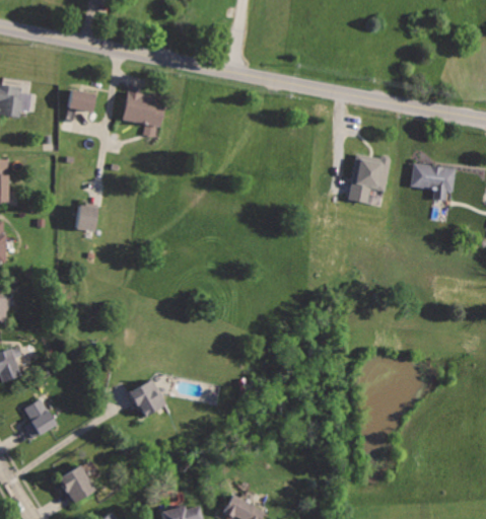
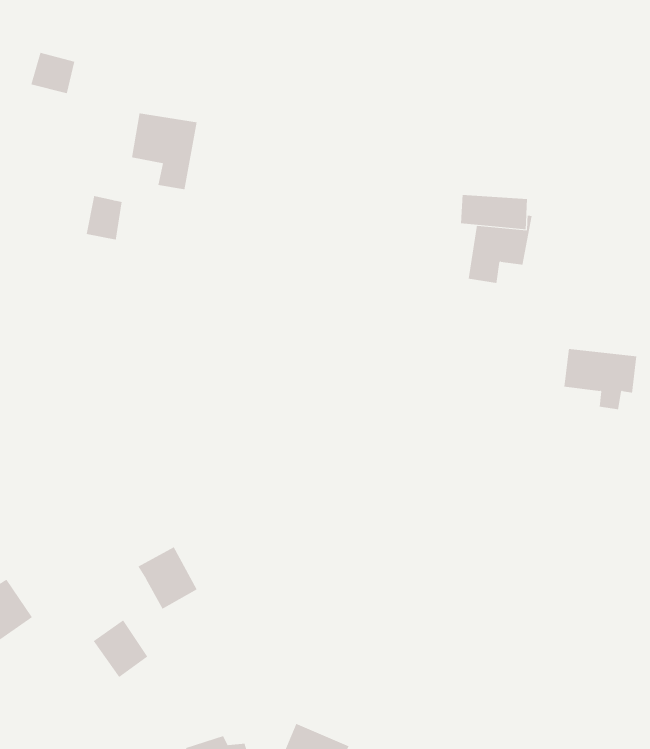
building: [66,87,95,115] -> [30,52,75,94]
building: [407,162,456,203] -> [564,348,637,410]
building: [75,203,99,232] -> [86,196,123,240]
building: [58,464,94,503] -> [93,620,148,678]

